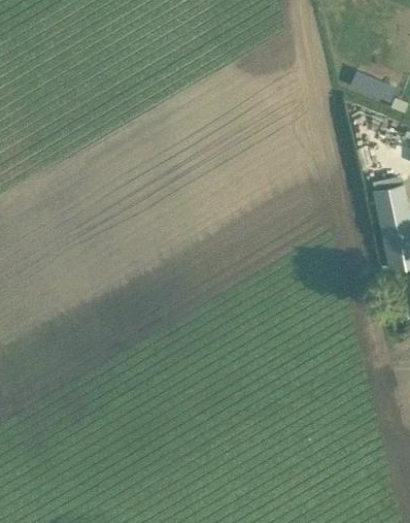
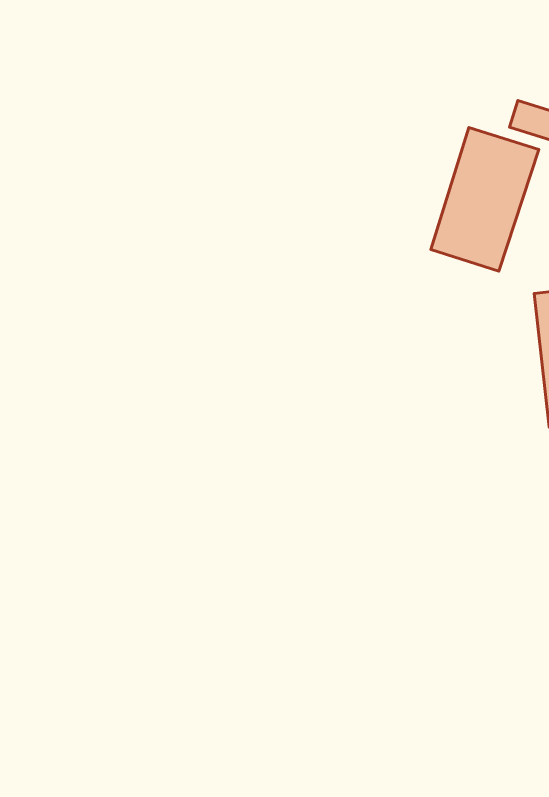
building: none -> [431,128,539,271]

